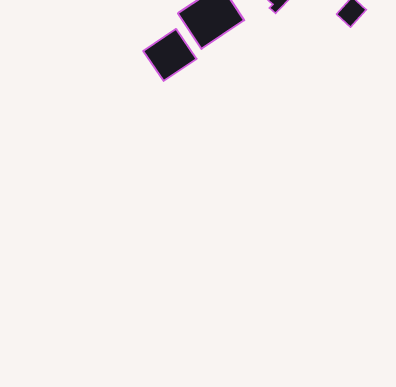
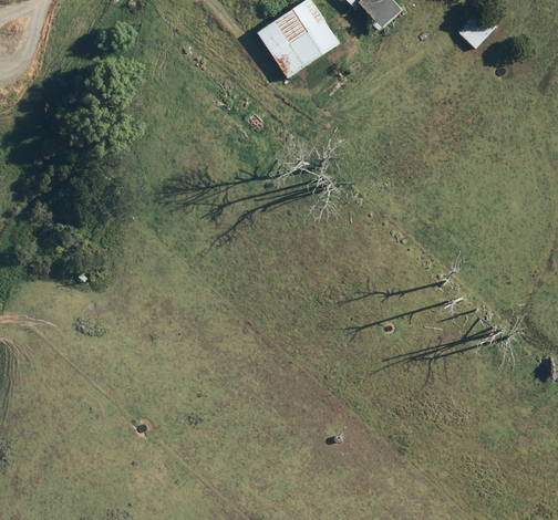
building: [143,29,197,81] -> none

